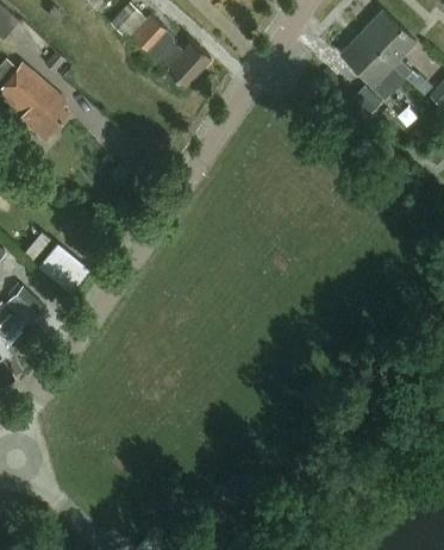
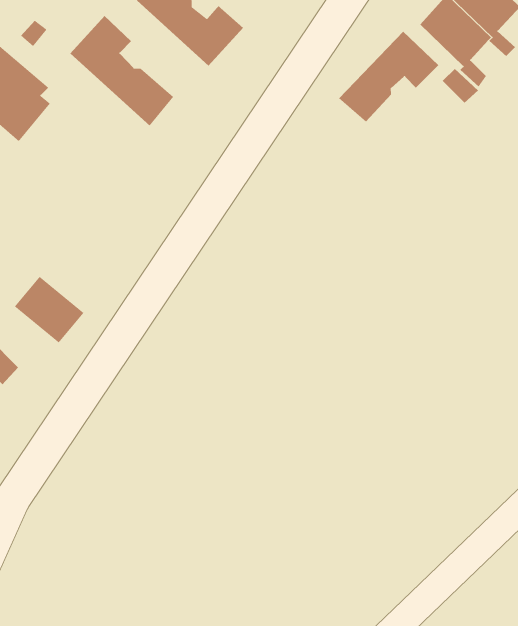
building: none -> [70,15,174,127]
building: none -> [338,31,439,123]

